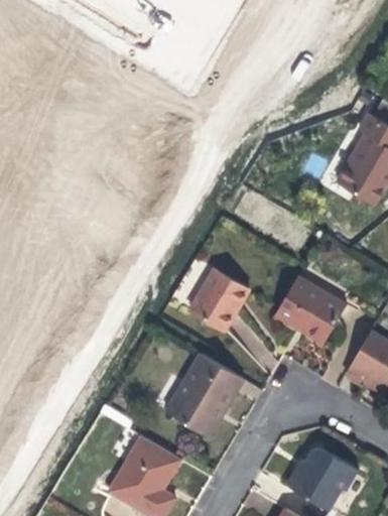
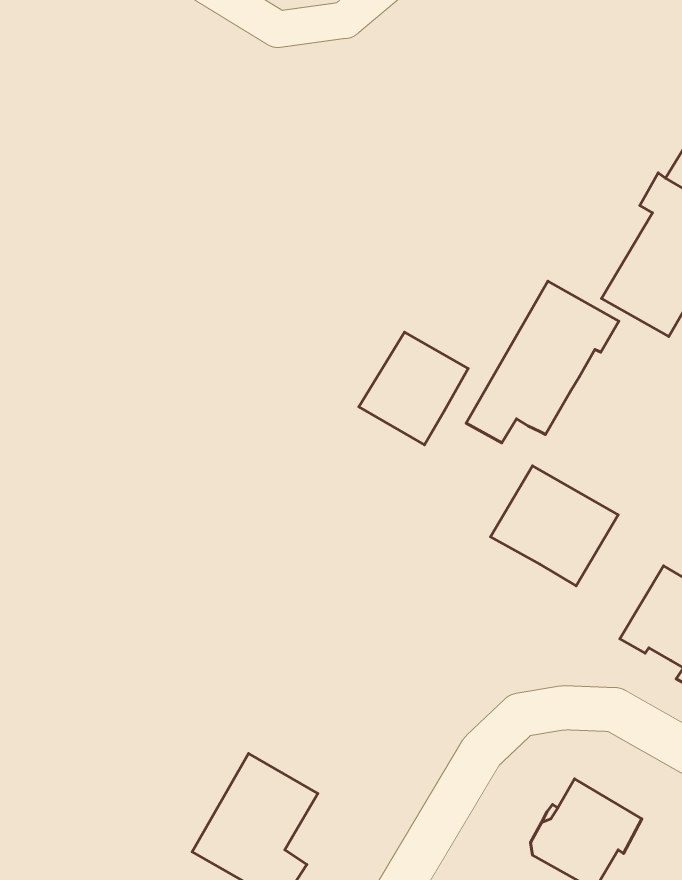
building: none -> [466,281,619,443]
building: [187,267,248,330] -> [359,332,468,445]
building: [167,355,242,437] -> none

